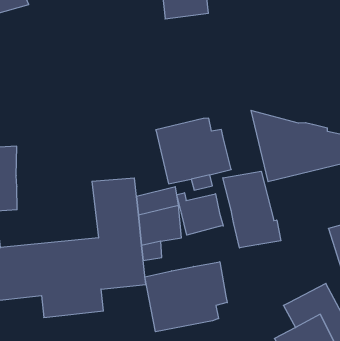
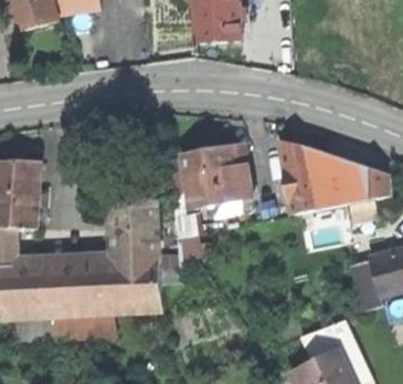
building: [223,171,281,248] -> none
building: [177,193,223,235] -> none
building: [145,262,227,332] -> none

